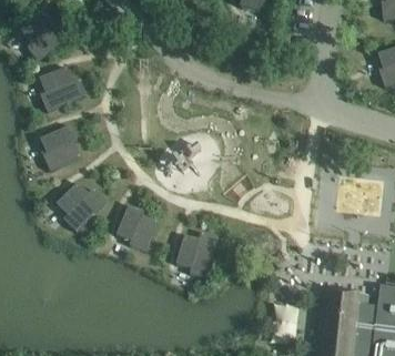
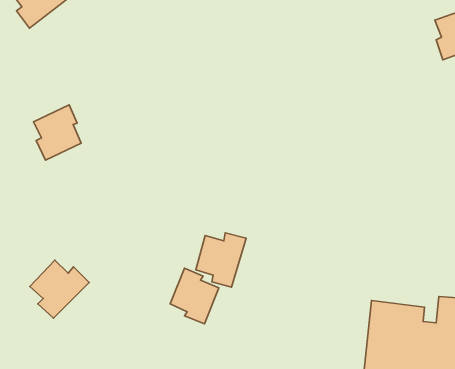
building: [39,65,87,111] -> none
building: [57,182,107,231] -> [30,260,89,318]
building: [117,204,158,251] -> [170,268,219,324]

